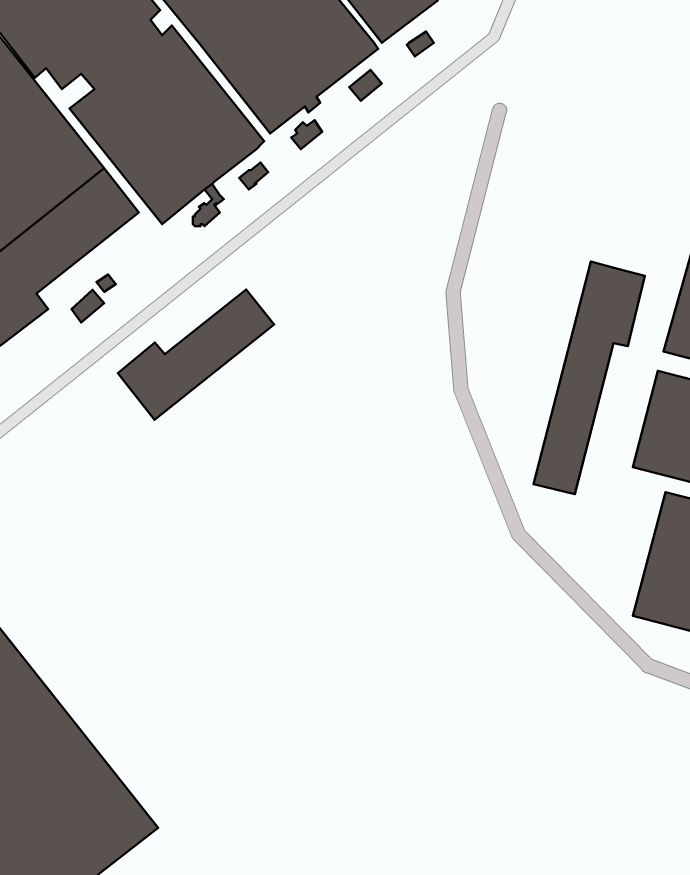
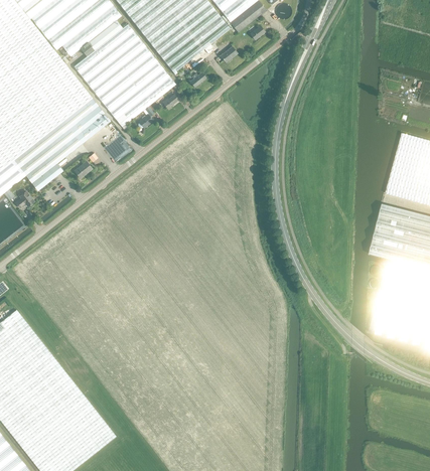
building: [534,262,645,494] -> none
building: [118,290,274,420] -> none

